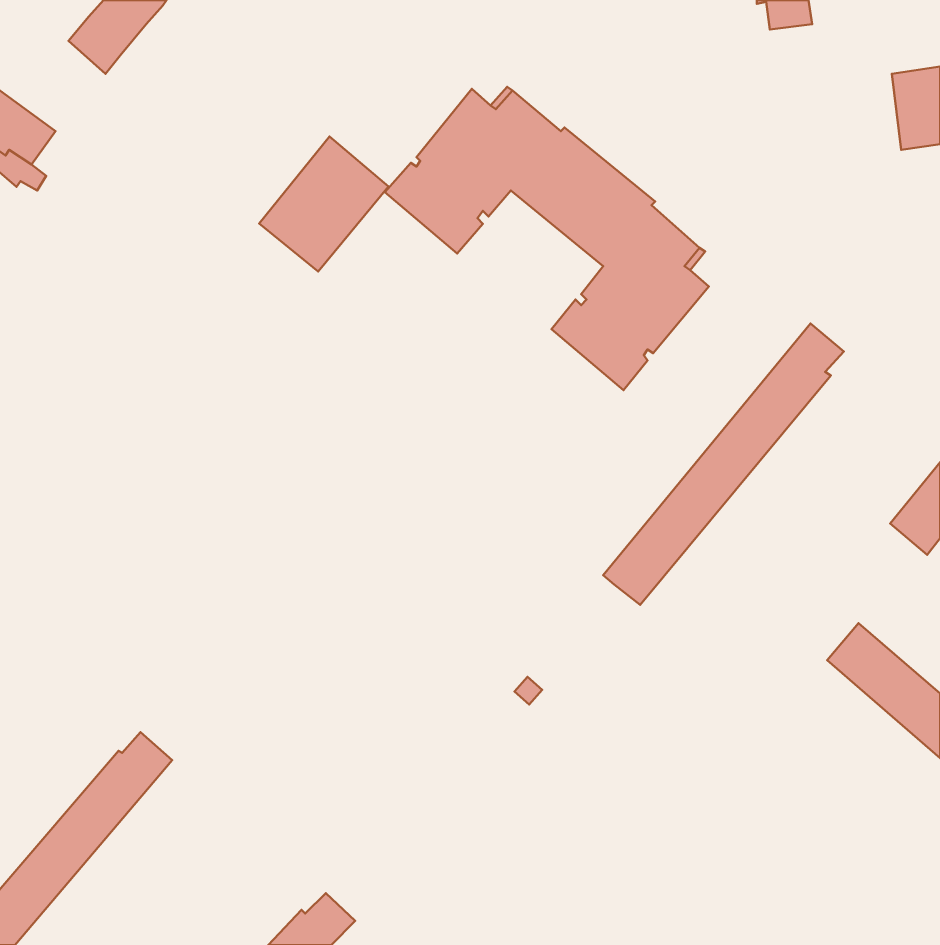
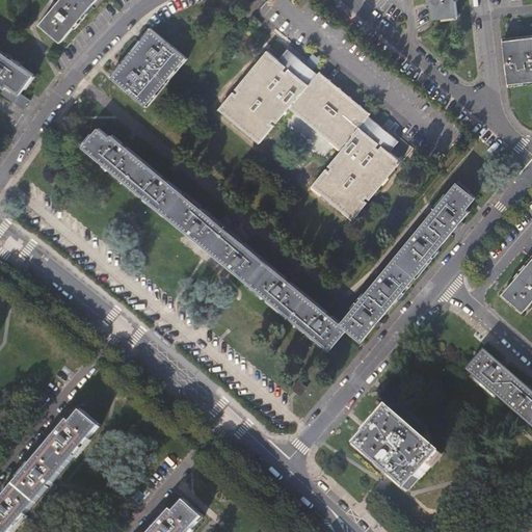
building: [259,136,389,271] -> [110,28,183,104]
building: none -> [81,128,345,349]
building: none -> [354,407,440,490]

